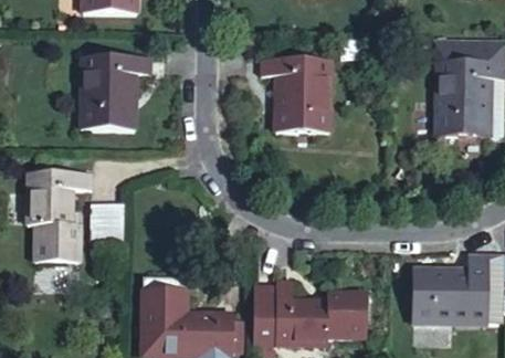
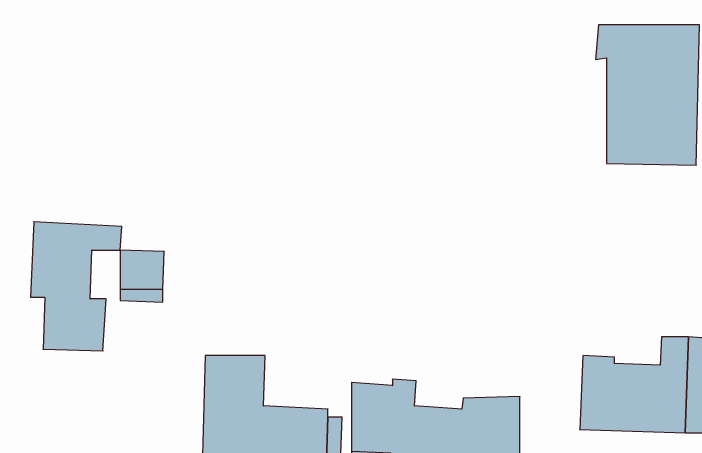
building: [78,55,147,129] -> none
building: [261,57,333,134] -> none

